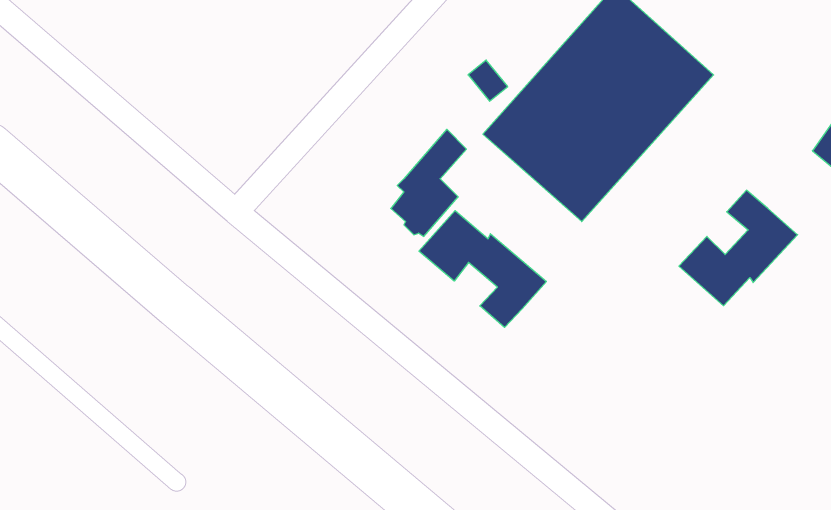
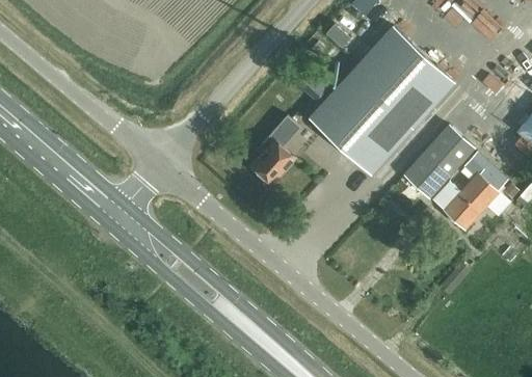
building: none -> [404,127,474,198]
building: [419,211,546,327] -> none

